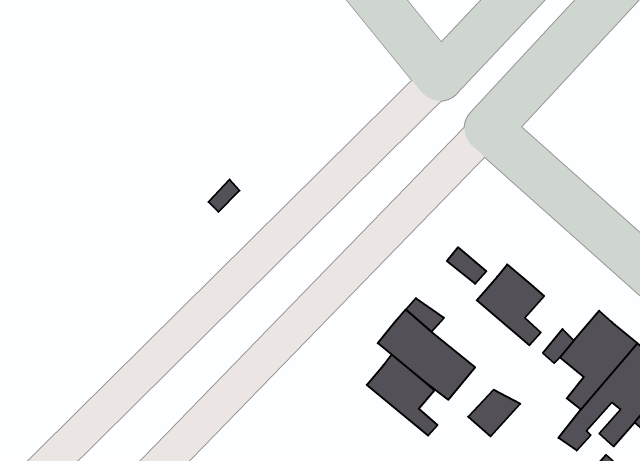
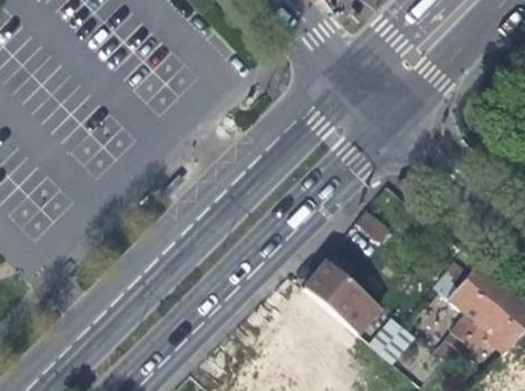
building: [477,264,544,345] -> none
building: [367,355,437,436] -> none

